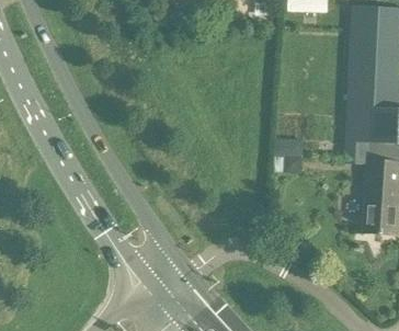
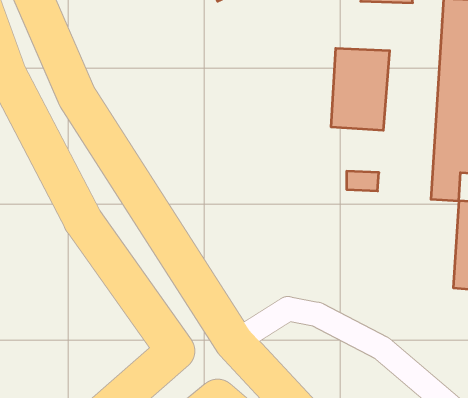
building: none -> [331,48,390,130]

